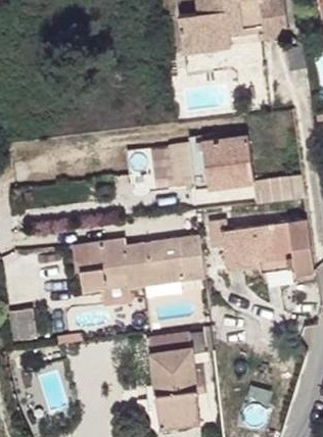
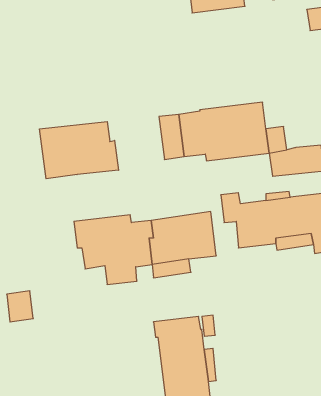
building: none -> [40,122,119,179]

